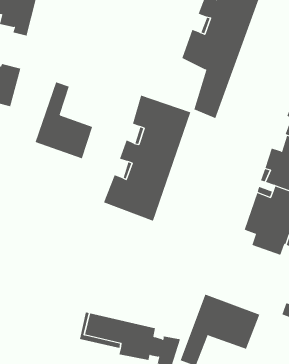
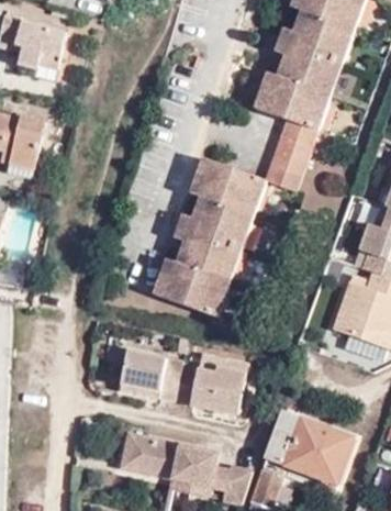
building: [35,81,93,159] -> none
building: none -> [119,349,246,414]

